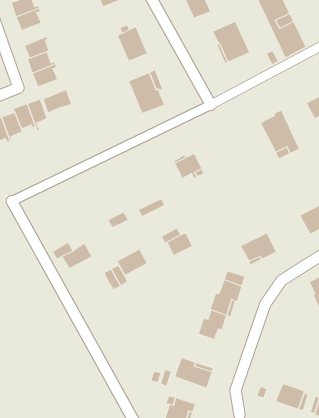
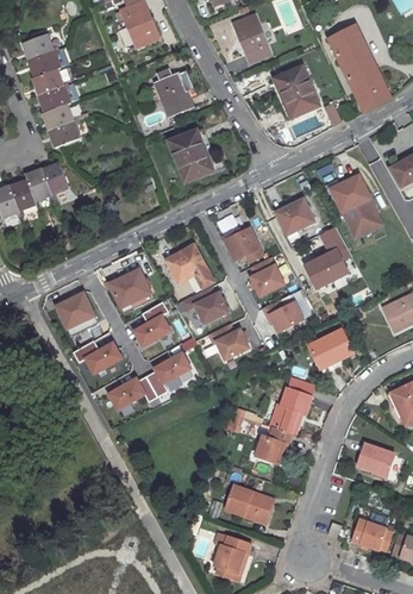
building: none -> [31,69,67,96]
building: [43,90,72,113] -> none
building: none -> [274,199,313,236]
building: none -> [304,229,350,290]
building: none -> [165,248,214,288]
building: none -> [250,257,283,296]
building: none -> [109,270,154,314]
building: none -> [55,293,96,337]
building: none -> [194,293,226,323]
building: none -> [262,300,302,332]
building: none -> [133,317,170,349]
building: none -> [106,376,144,409]
building: none -> [356,444,395,476]

